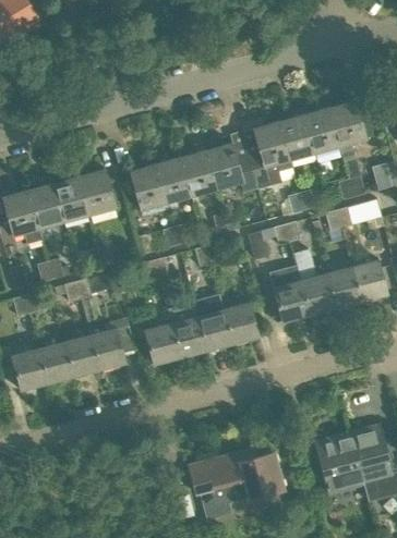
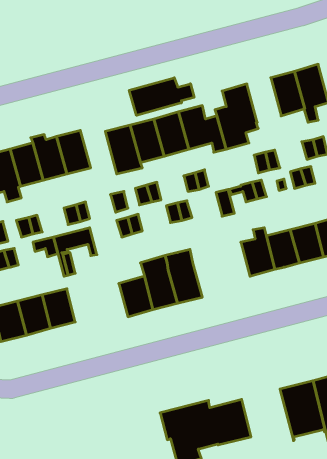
building: [280,113,316,160] -> none
building: none -> [129,78,194,115]
building: [224,302,260,344] -> none
building: [91,328,127,370] -> none

